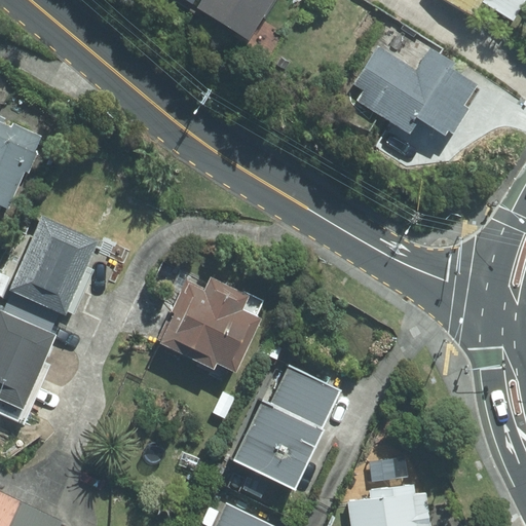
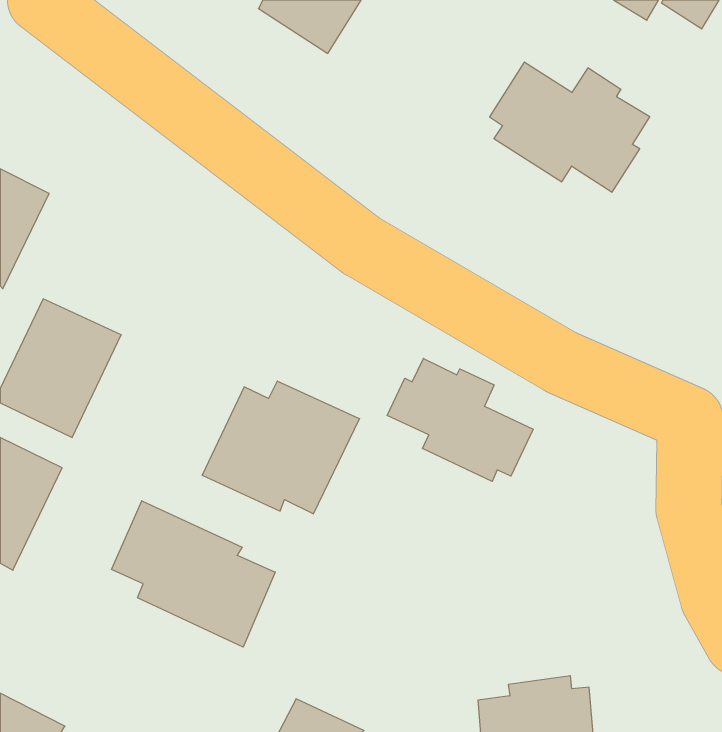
building: none -> [387,358,533,481]
building: none -> [111,501,275,647]
building: [231,364,337,489] -> none

